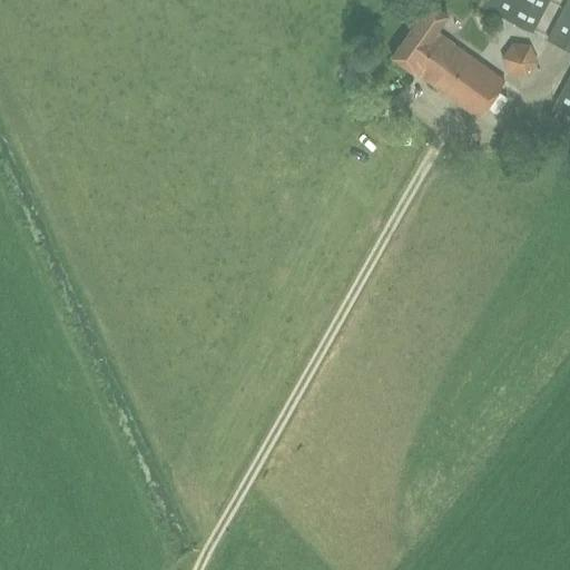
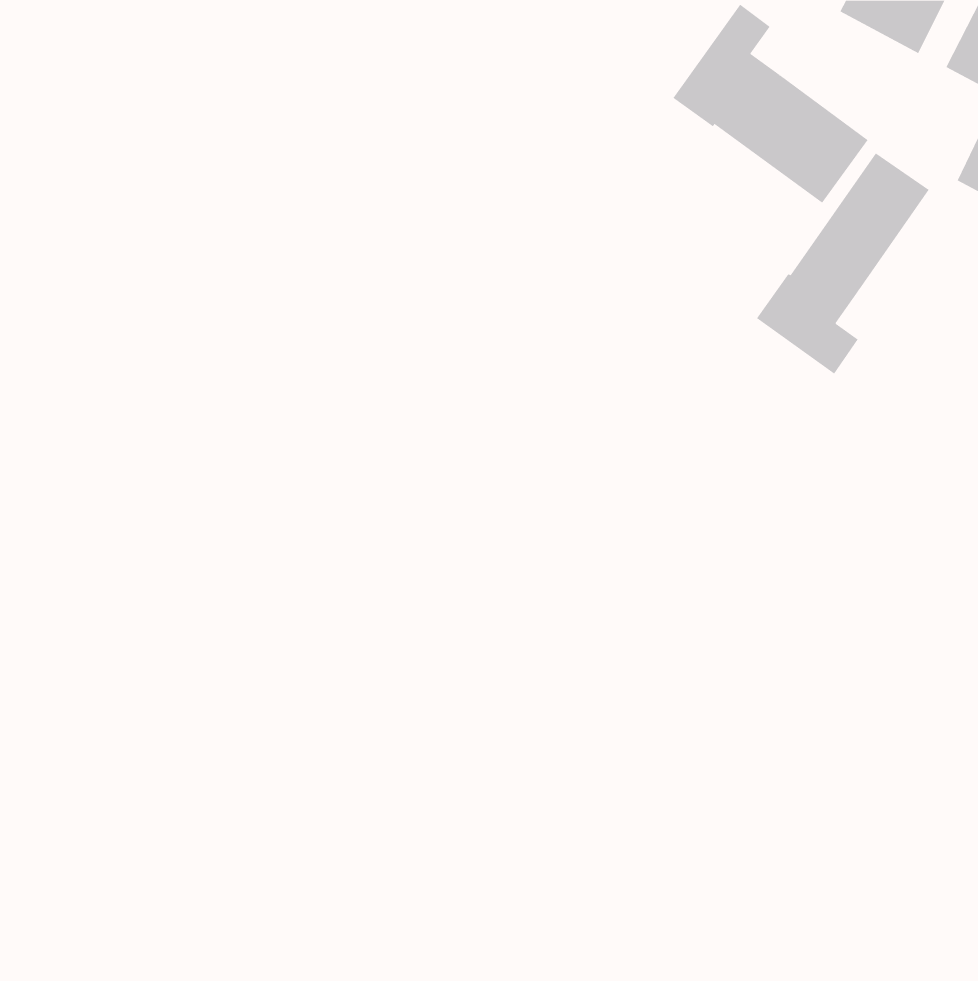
building: [502,43,540,77] -> none
building: none -> [756,152,929,374]

